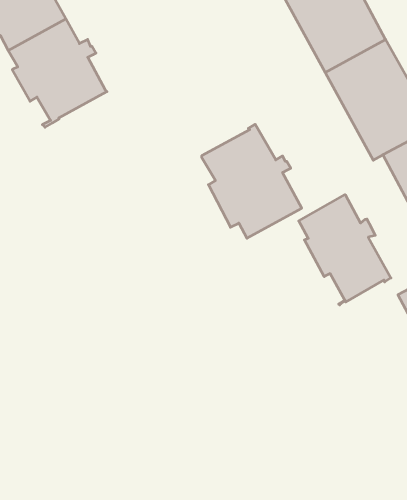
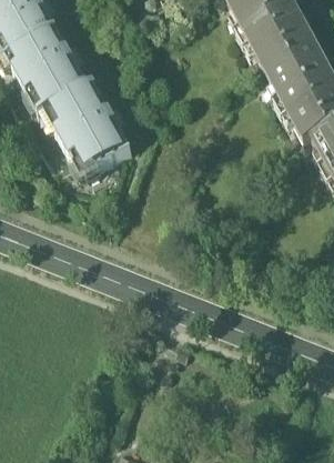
building: [202,124,302,238] -> [51,85,132,178]
building: [299,195,391,305] -> none

